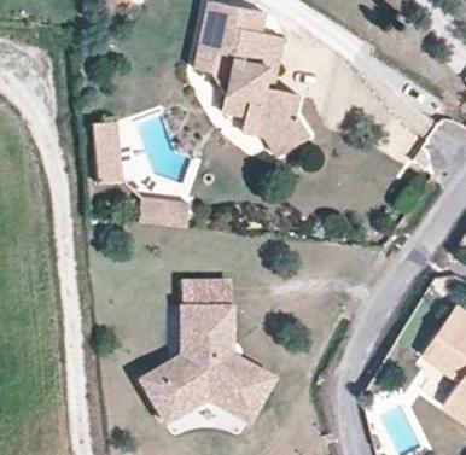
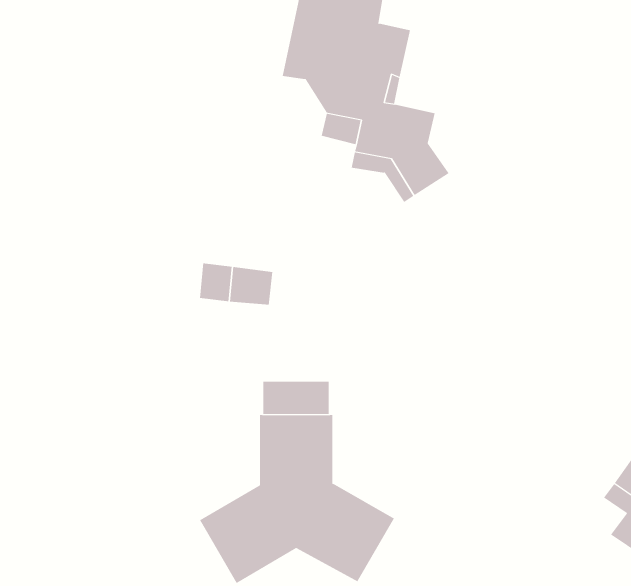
building: [94,126,123,188] -> none

